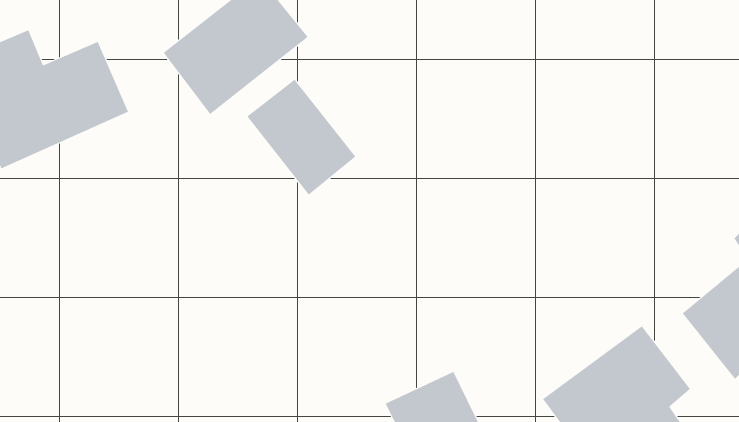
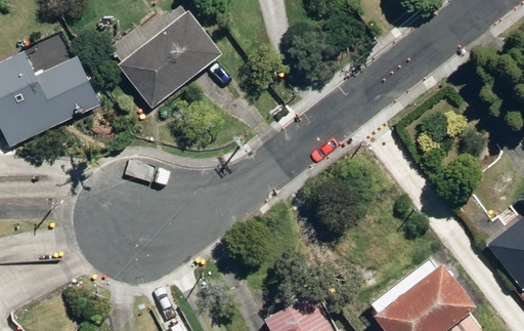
building: [246,79,356,195] -> none

